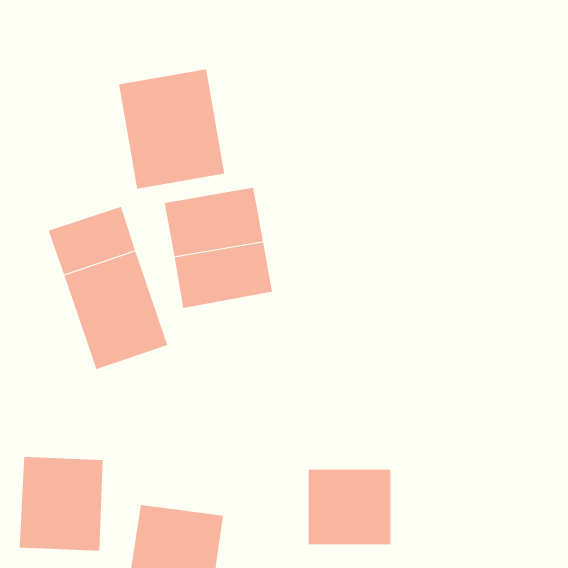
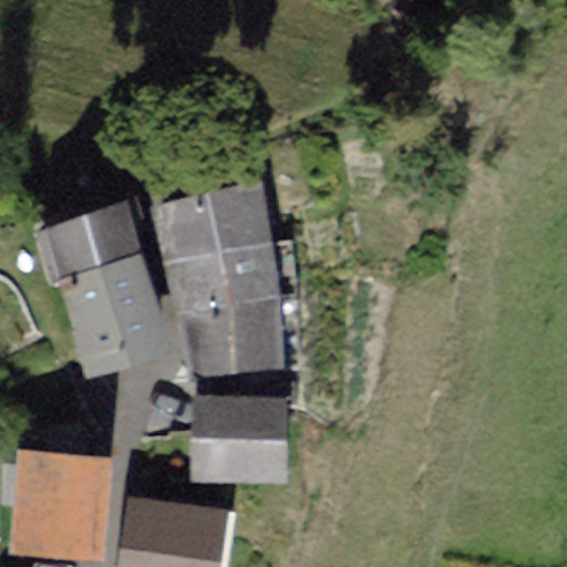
building: [119,68,225,190] -> none
building: none -> [183,291,285,371]
building: [308,469,391,545] -> [200,398,284,473]

